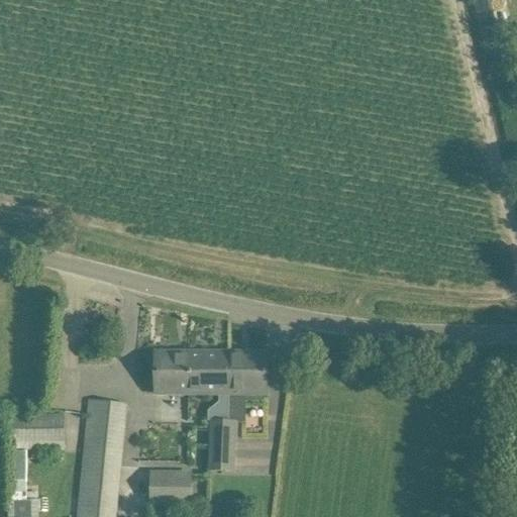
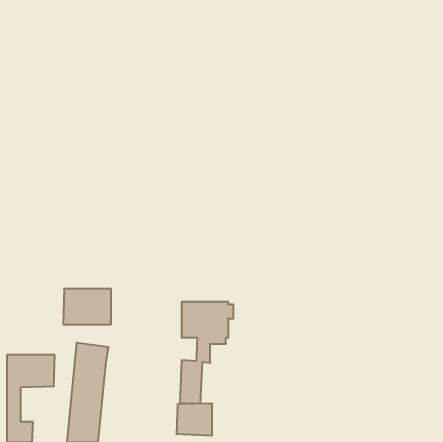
building: [156,350,211,392] -> [63,289,111,324]
building: [149,470,191,507] -> [176,403,212,436]

